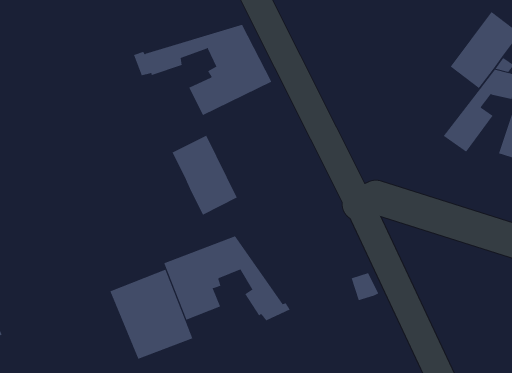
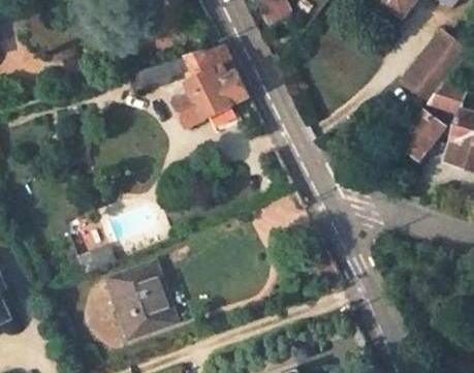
building: [172,135,238,215] -> none
building: [164,236,291,321] -> none

